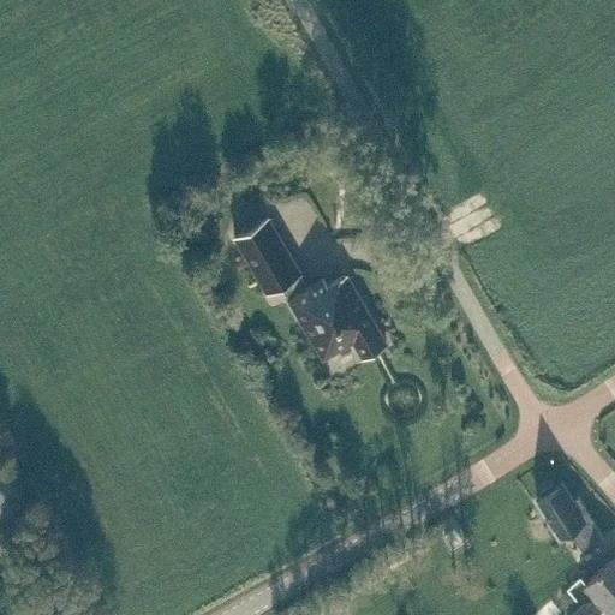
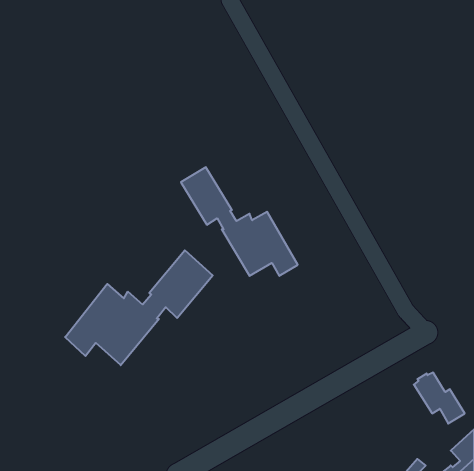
building: none -> [65,250,213,365]

